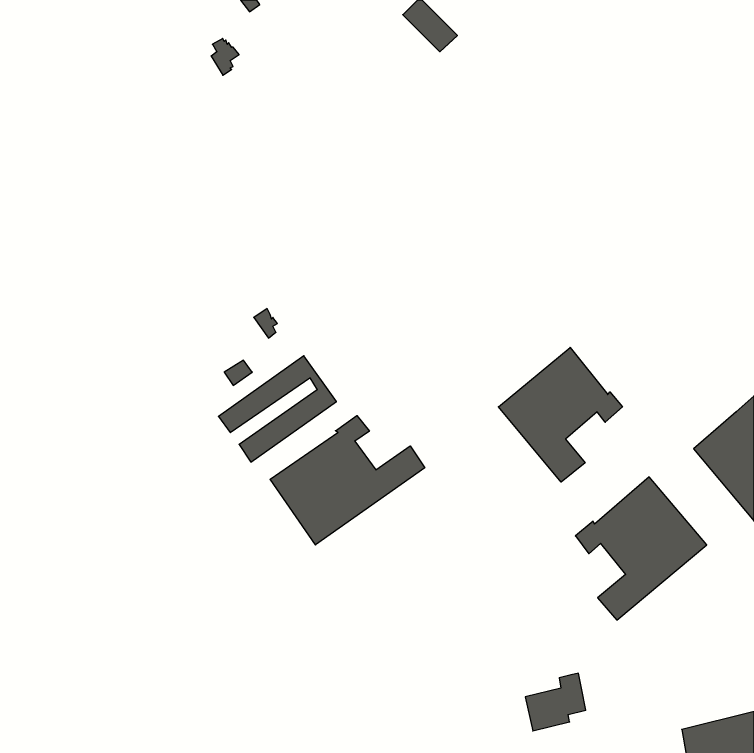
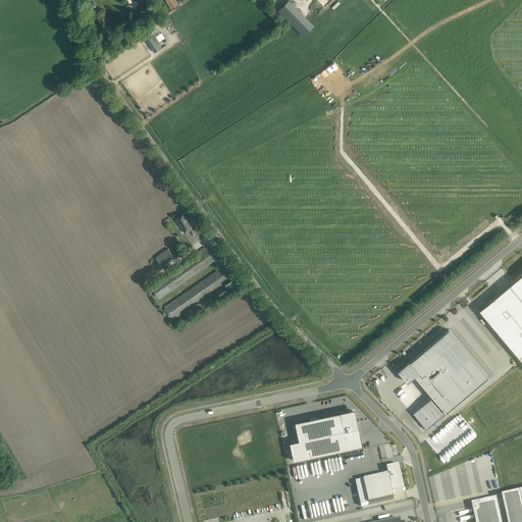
building: [498,347,622,482] -> none
building: [270,416,425,545] -> none
building: none -> [290,412,363,462]

